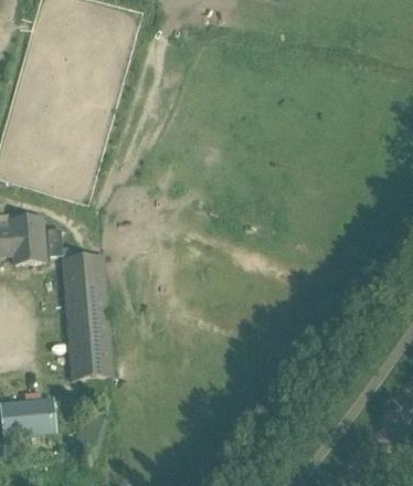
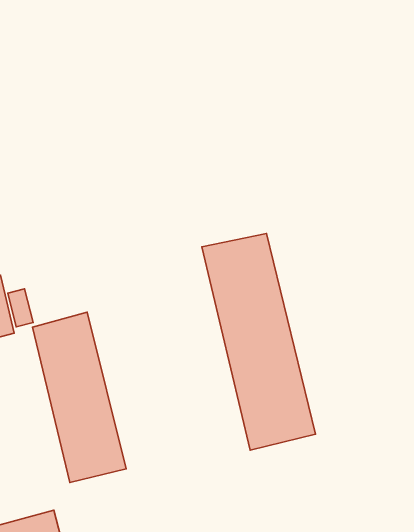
building: none -> [202,233,316,450]

